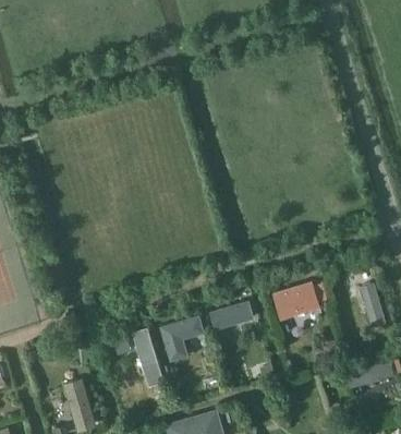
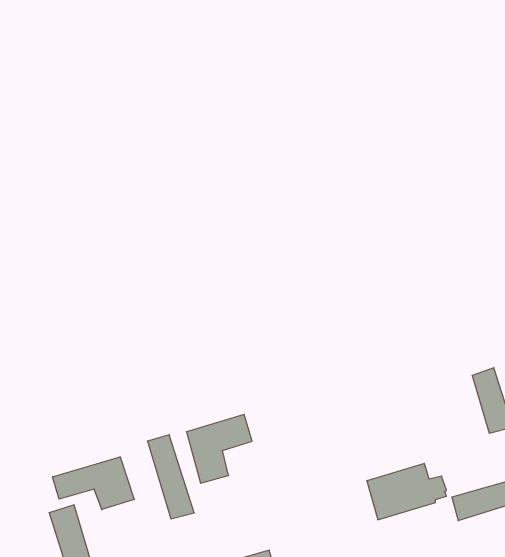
building: [272,281,328,321] -> [367,464,446,520]
building: [209,300,254,330] -> none
building: none -> [53,457,134,510]

